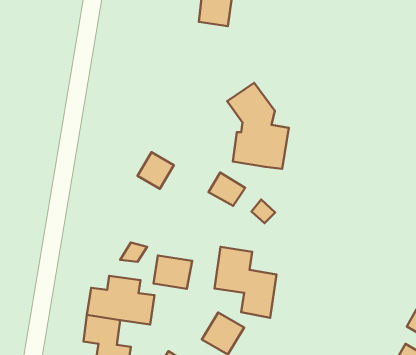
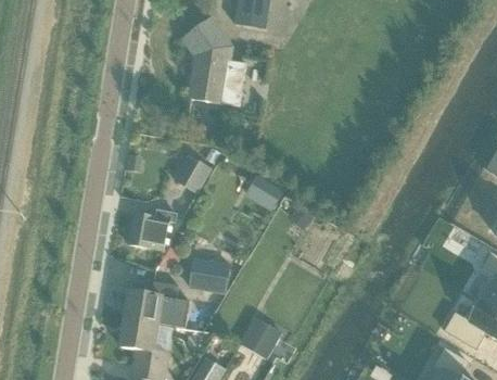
building: [227,83,289,169] -> [183,17,245,104]
building: none -> [127,208,176,249]
building: [214,247,277,318] -> none

